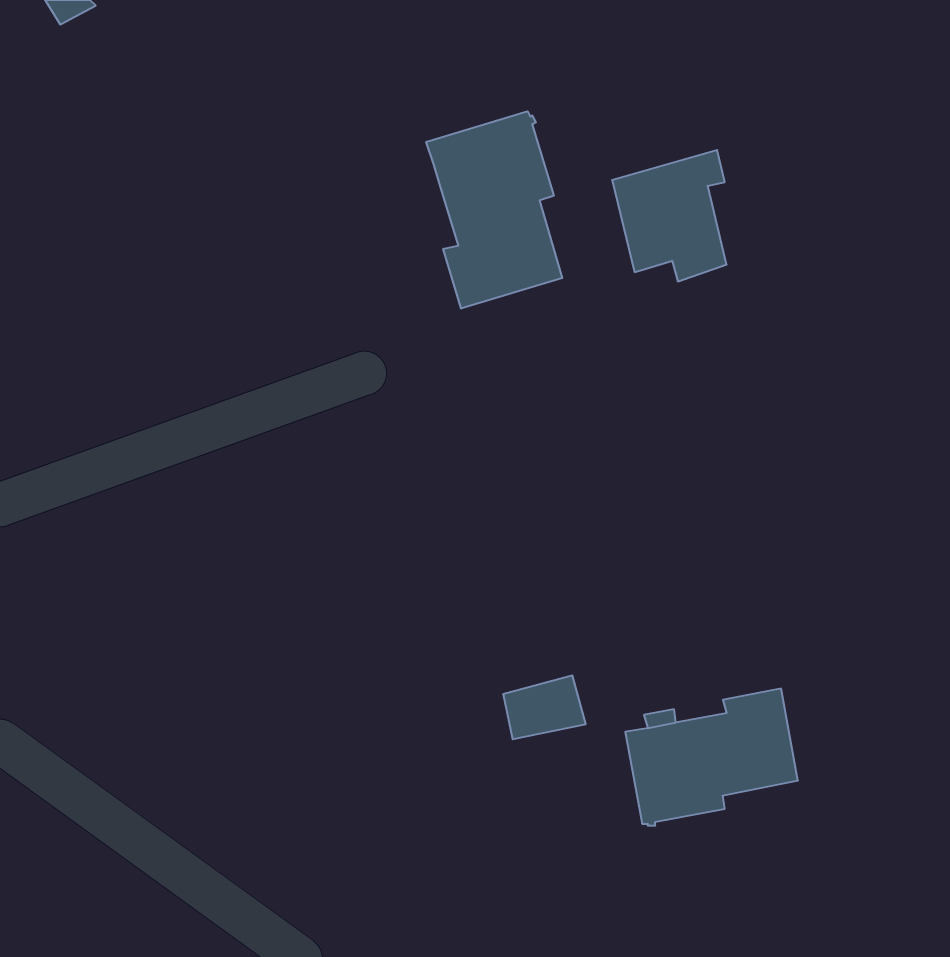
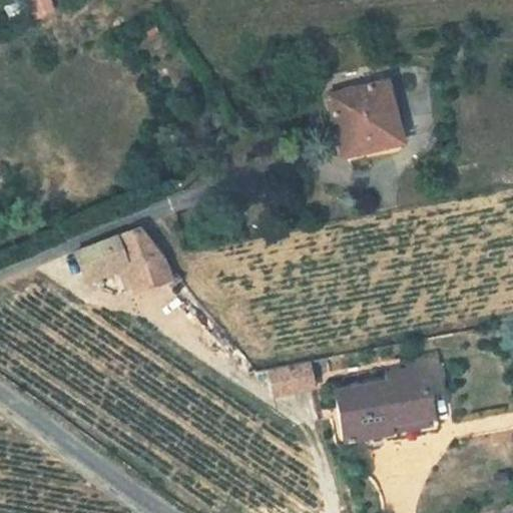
building: [426,111,562,309] -> none
building: none -> [79,231,184,291]

